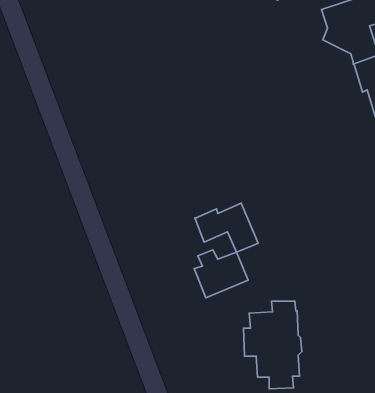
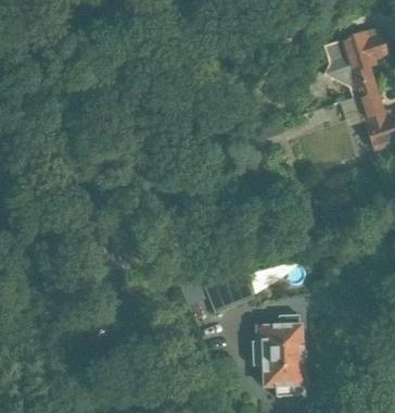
building: [195,203,258,252] -> none

